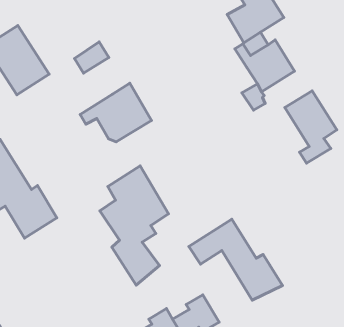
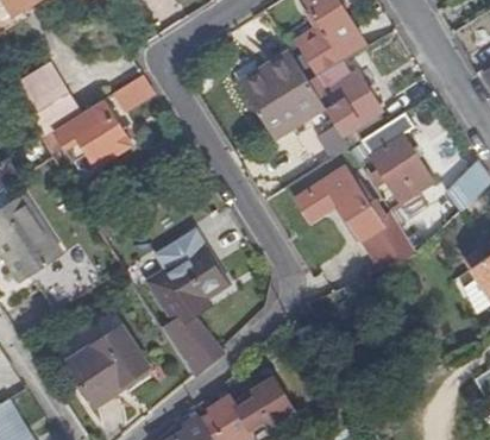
building: none -> [241,52,323,137]
building: [80,83,151,142] -> [44,100,131,171]
building: [189,219,283,300] -> [297,165,412,264]
building: none -> [65,328,146,403]

